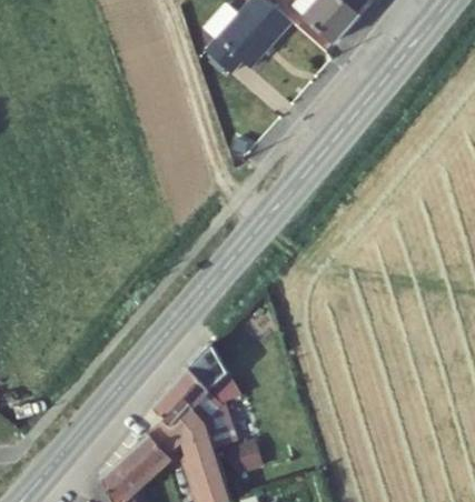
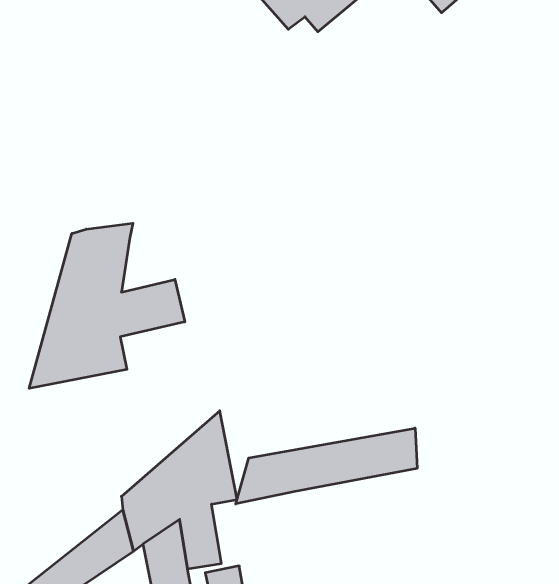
building: none -> [29,223,185,388]
building: none -> [236,428,417,504]

